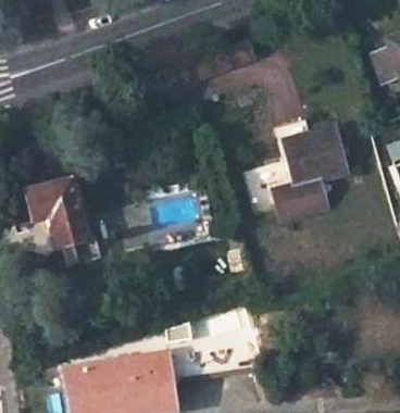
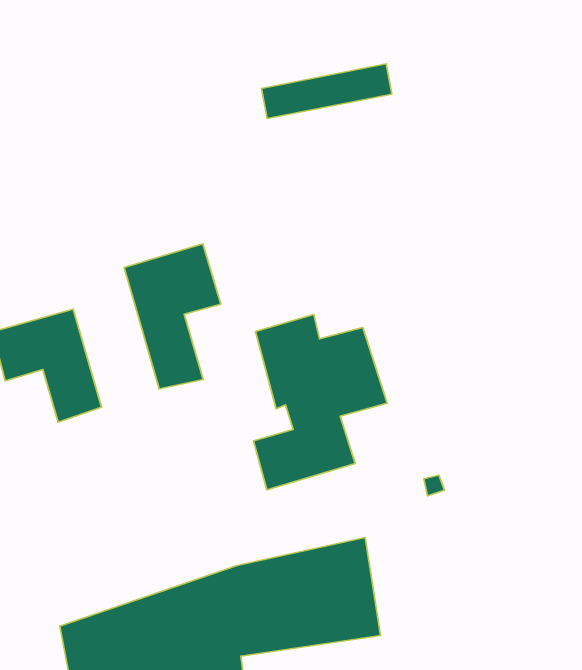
building: [275,121,352,222] -> [253,314,387,490]
building: none -> [124,244,221,389]

